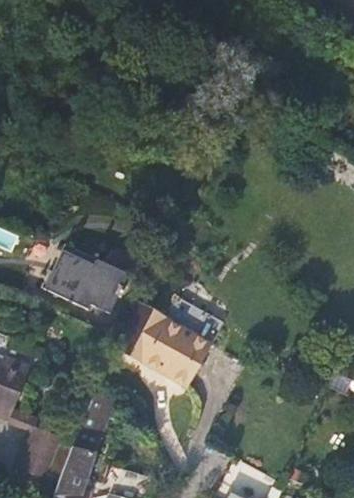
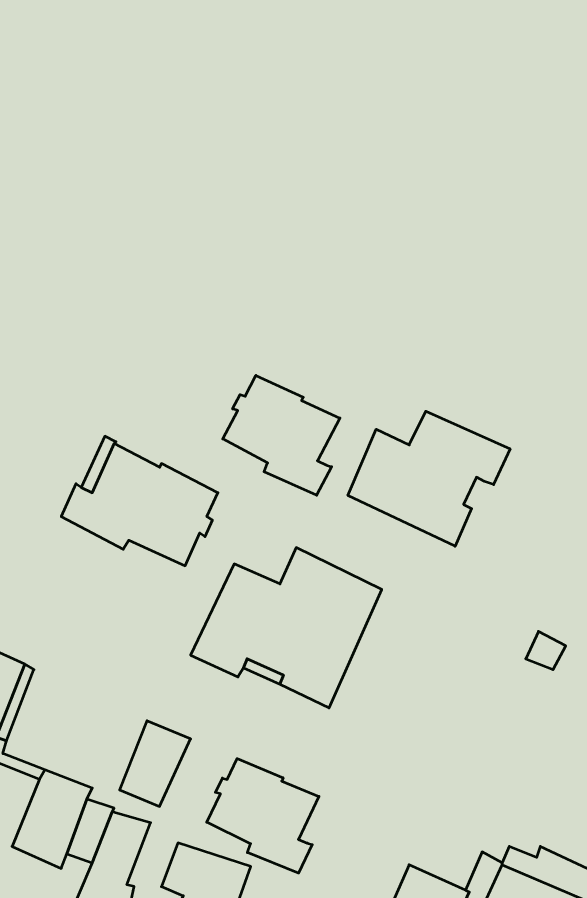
building: none -> [223,375,340,495]
building: none -> [348,411,510,546]
building: none -> [207,759,319,873]

